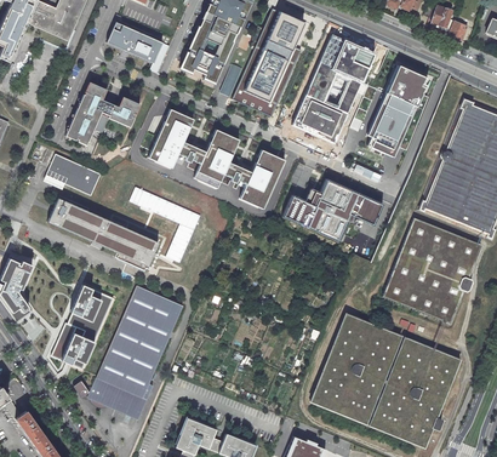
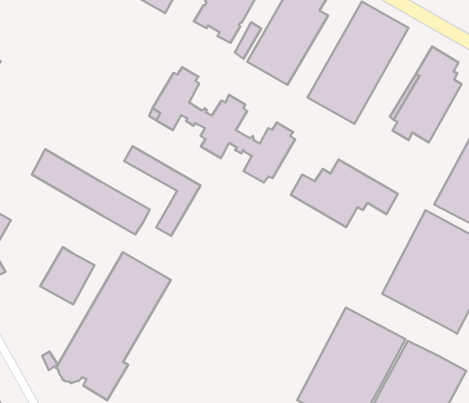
building: [65,85,141,145] -> none
building: [46,154,102,195] -> none
building: [52,322,98,370] -> none

